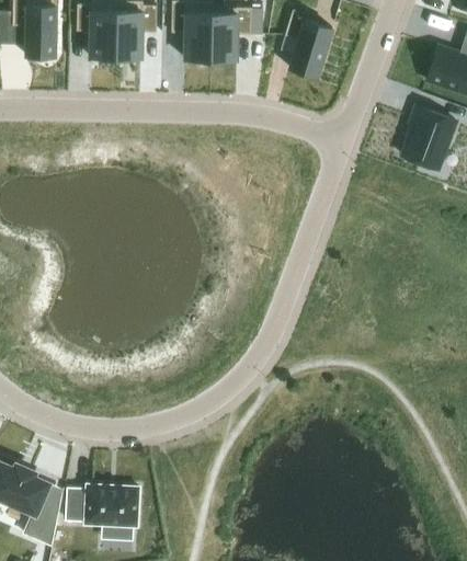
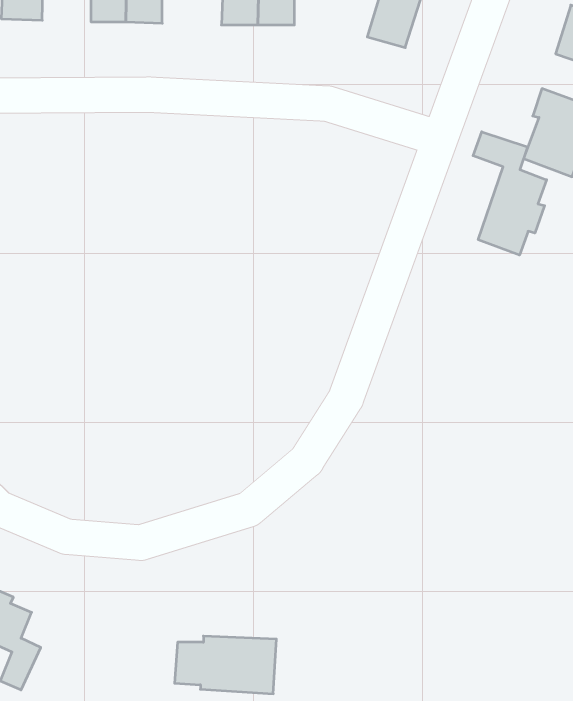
building: none -> [473,132,547,255]
building: [67,486,140,528] -> [175,636,276,694]

